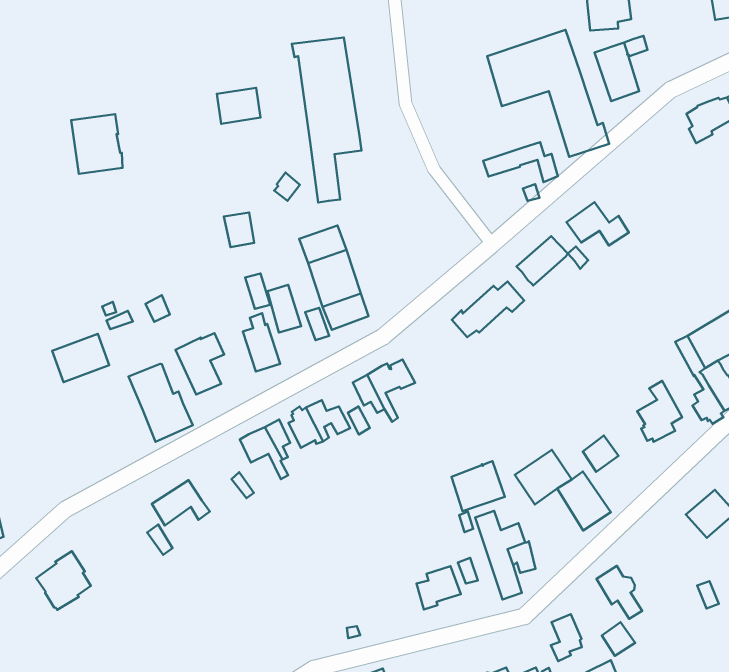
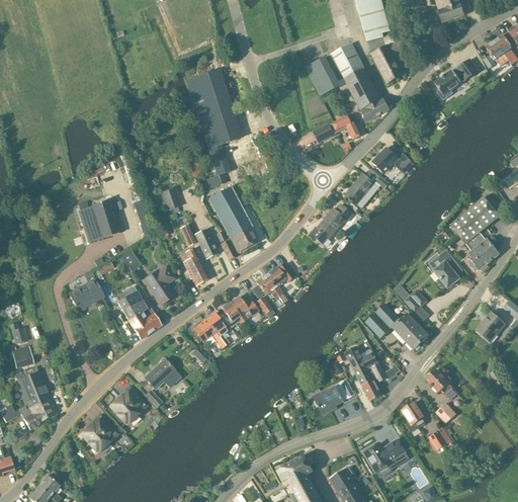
building: [217,88,260,124] -> none
building: [71,114,123,174] -> [87,199,123,240]
building: [452,461,505,511] -> none
building: none -> [110,387,145,424]

